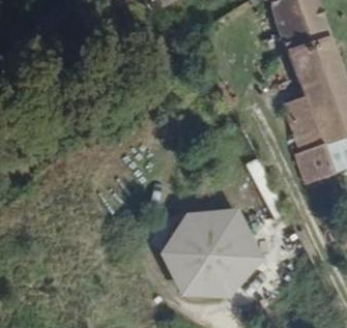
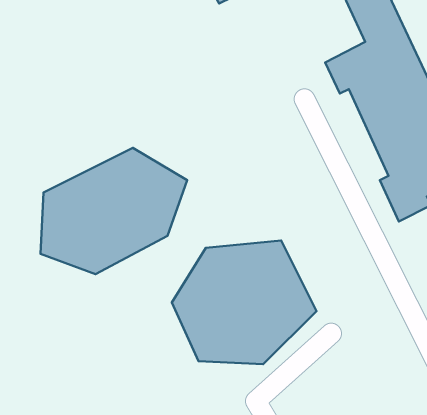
building: none -> [41,148,187,274]

